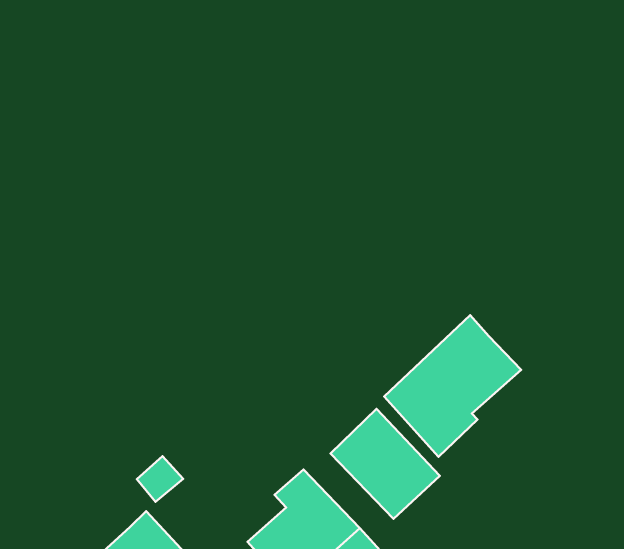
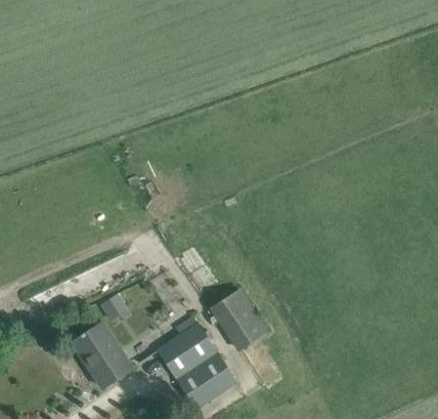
building: [384,315,521,457] -> none

